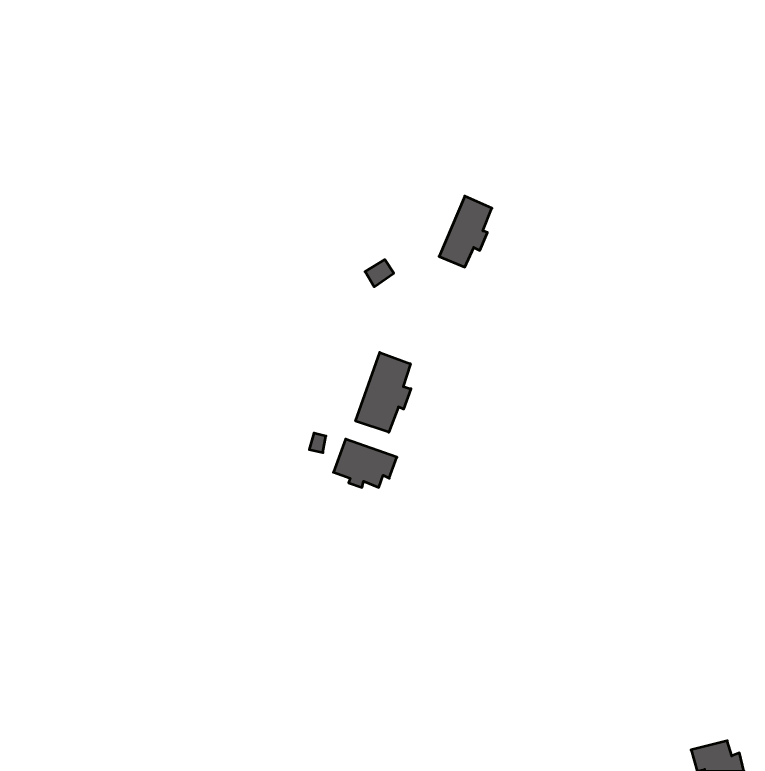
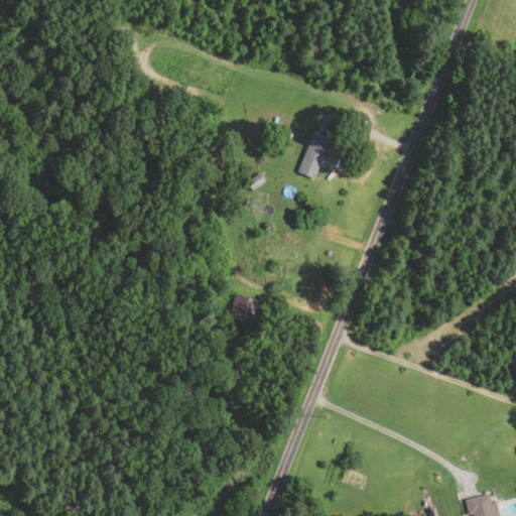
building: [356,352,411,432] -> none

